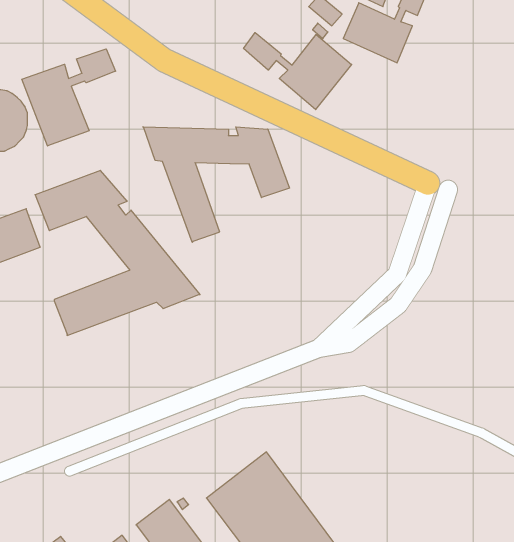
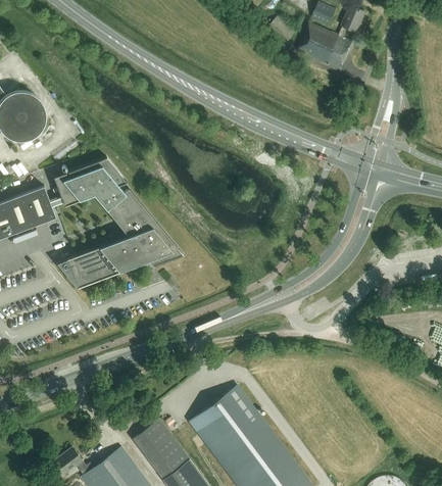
building: [244,33,352,110] -> none
building: [22,49,116,146] -> none
building: [143,127,289,242] -> none

